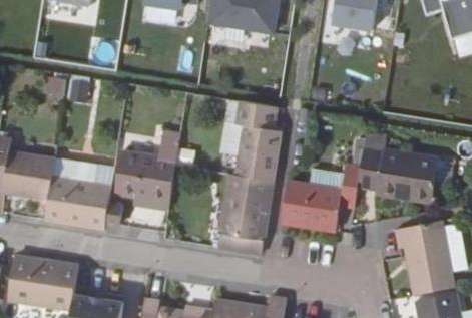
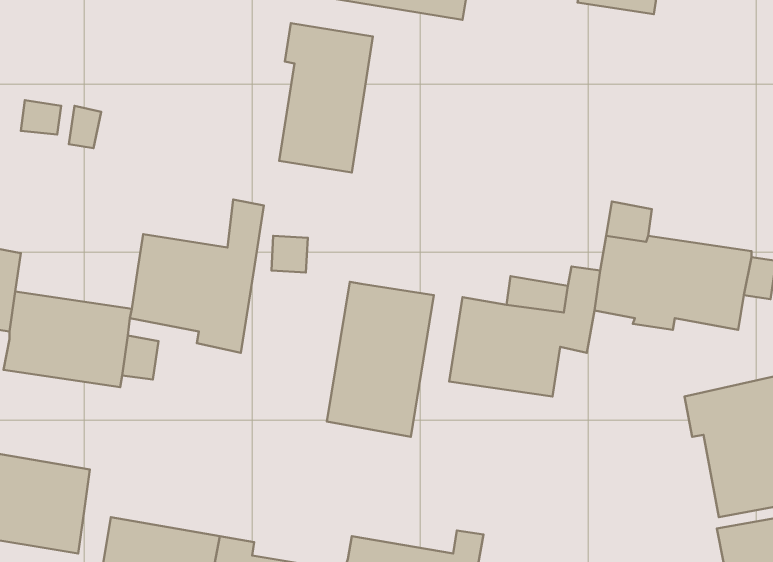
building: [223,99,273,178] -> [279,23,373,172]
building: [42,155,106,185] -> none

